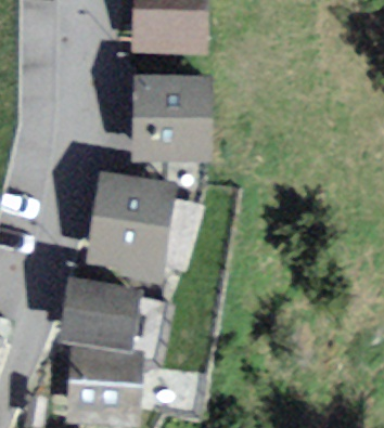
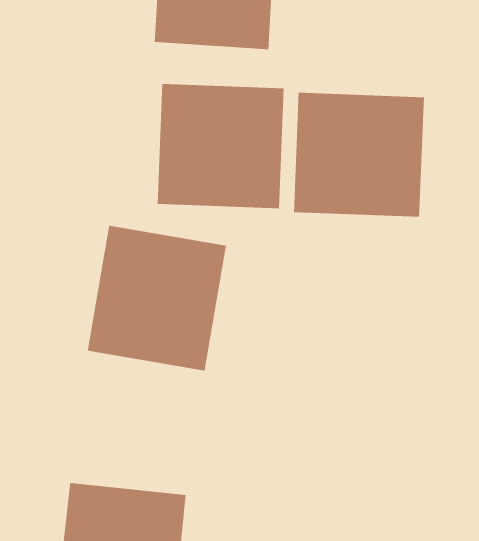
building: none -> [293,92,425,217]
building: [65,280,152,346] -> none

